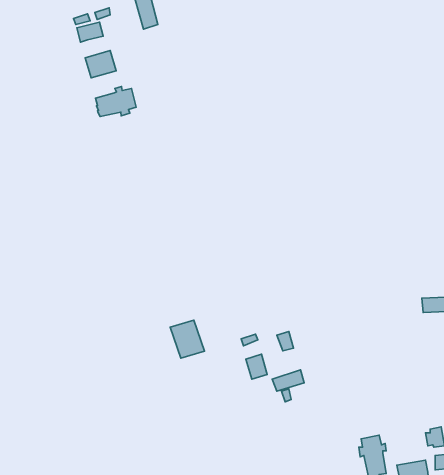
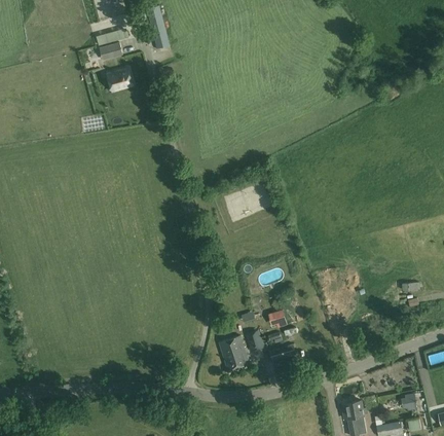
building: [95,86,136,117] -> none
building: [170,320,205,358] -> [218,335,248,368]

